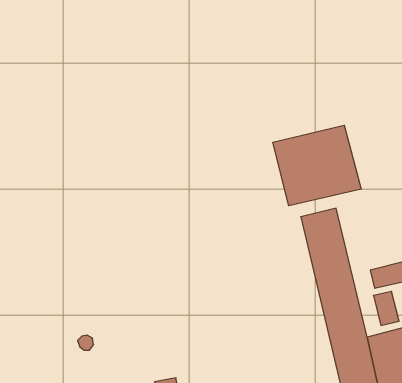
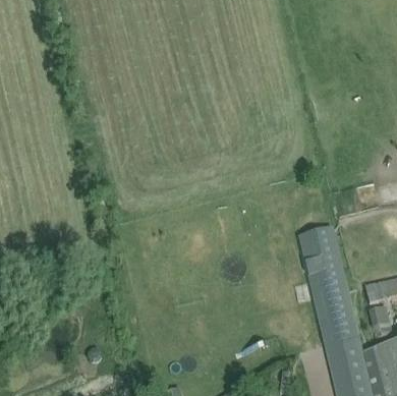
building: [273,125,361,206] -> none

